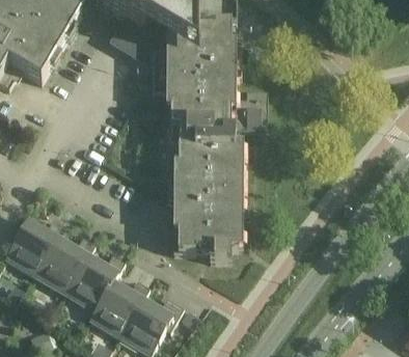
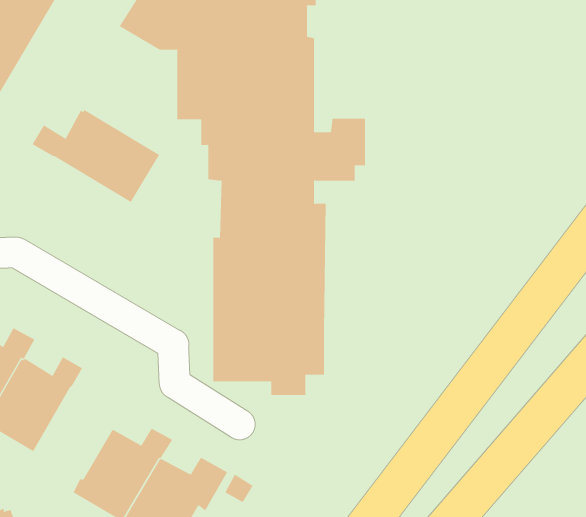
building: none -> [32,109,160,203]
building: [63,253,124,310] -> none

